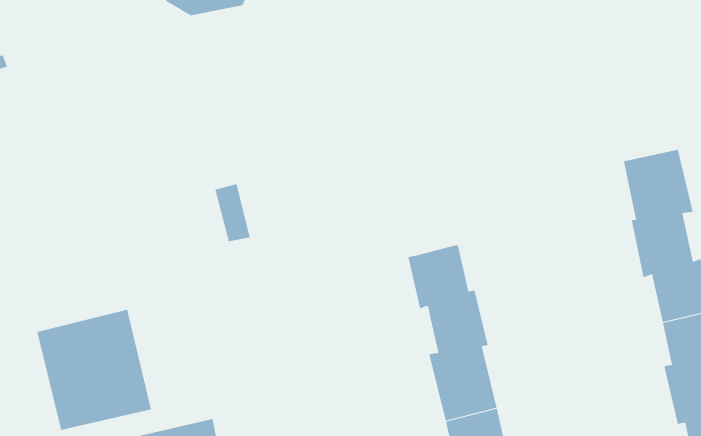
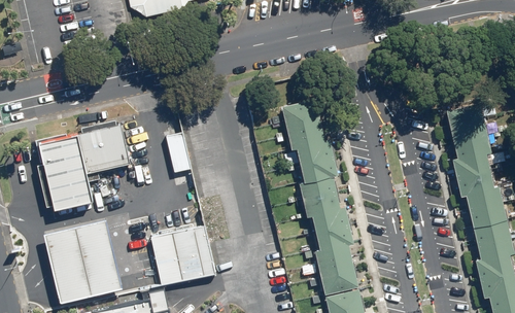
building: none -> [280,97,337,181]
building: none -> [38,123,129,209]
building: none -> [148,224,211,285]

